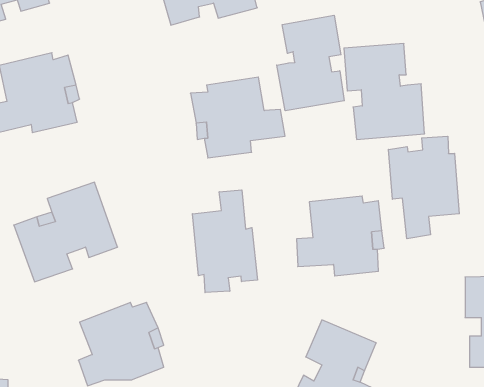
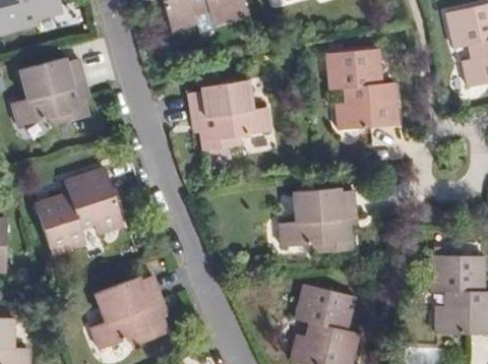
building: [277,15,344,111] -> none
building: [388,136,459,239] -> none
building: [192,190,257,293] -> none

